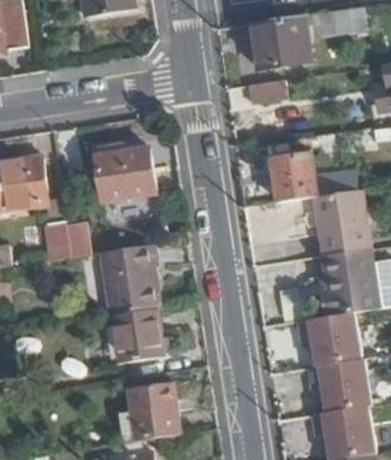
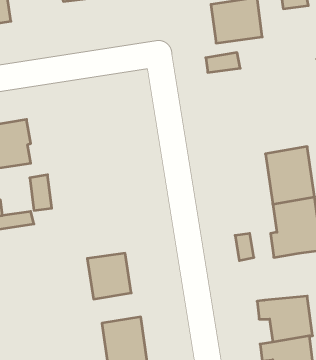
building: [93,143,154,200] -> none
building: [269,149,314,201] -> none
building: [97,244,156,317] -> none
building: [296,309,360,364] -> none

